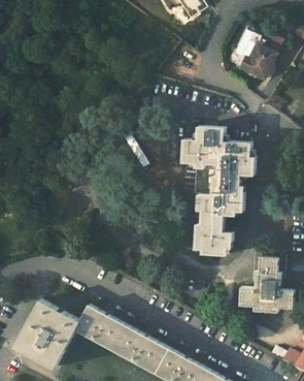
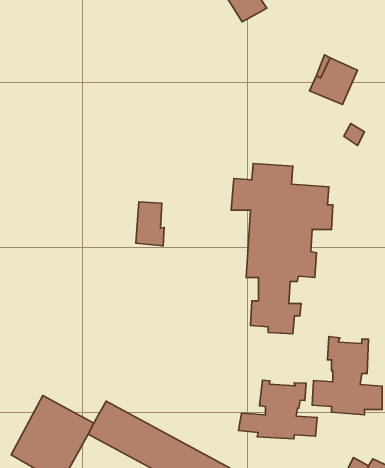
building: none -> [136,202,164,246]
building: none -> [238,380,317,439]

